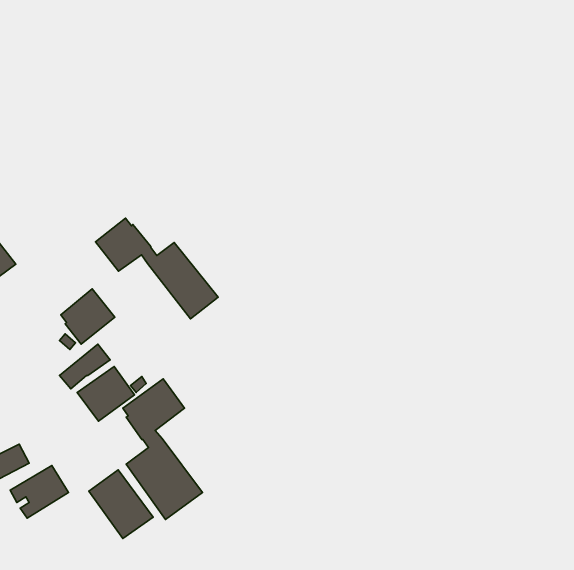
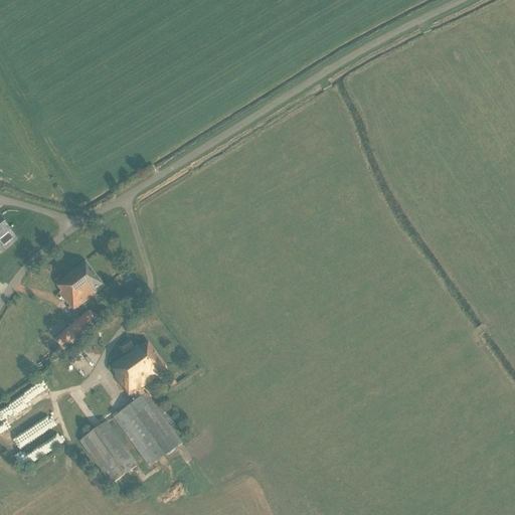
building: [95,218,218,319] -> none
building: [77,367,134,421] -> none

